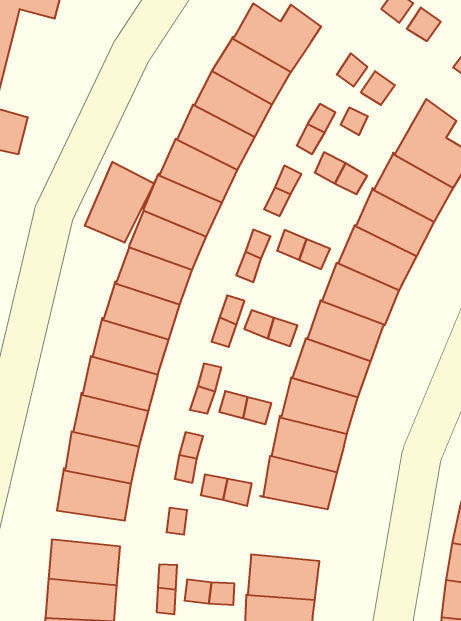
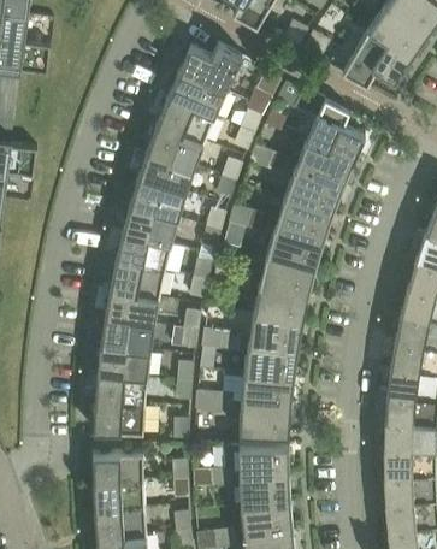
building: [85,162,155,243] -> none
building: none -> [240,402,290,435]

